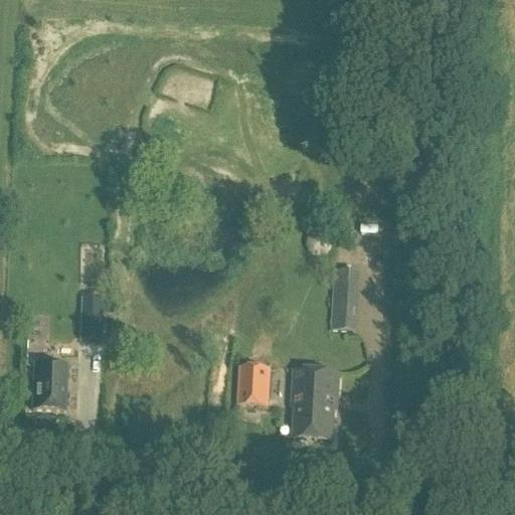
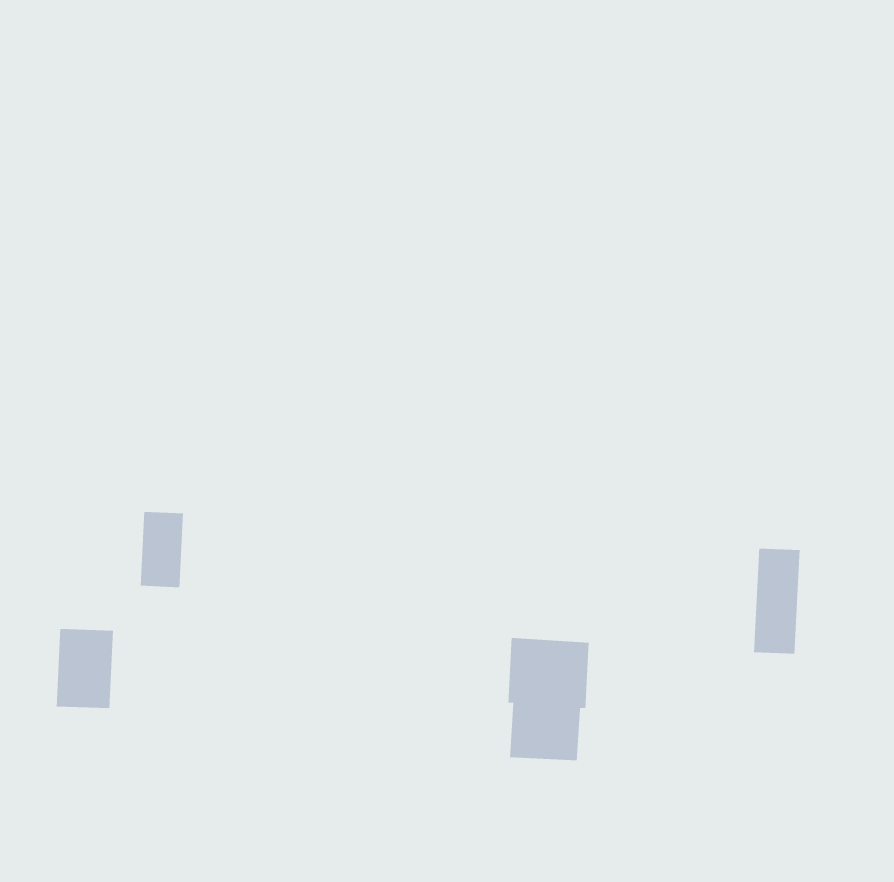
building: [331,267,358,328] -> [753,548,801,655]
building: [238,363,270,403] -> none

